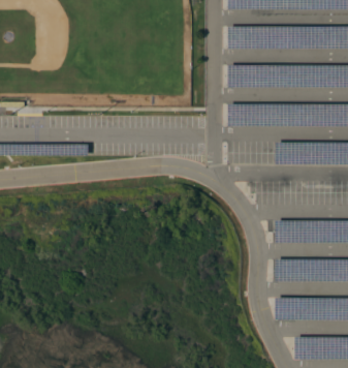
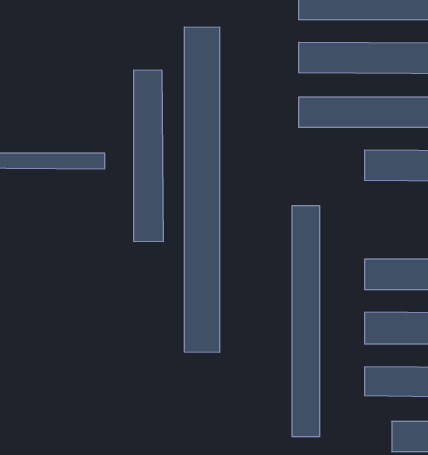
building: none -> [185,27,220,352]
building: none -> [134,70,163,242]
building: none -> [292,206,319,437]

